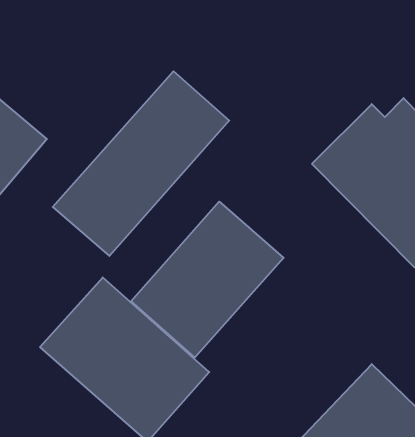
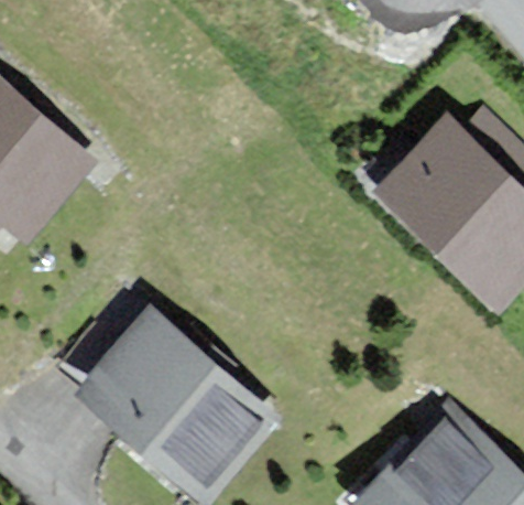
building: [53,71,229,256] -> none
building: [131,202,284,357] -> none

